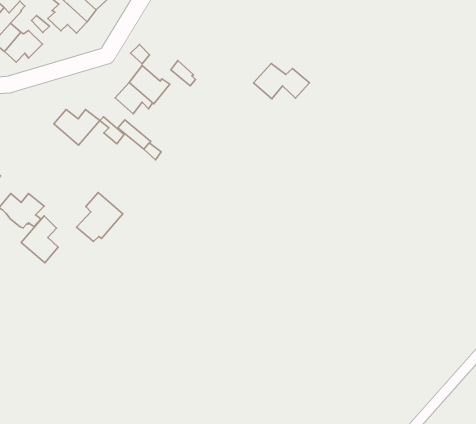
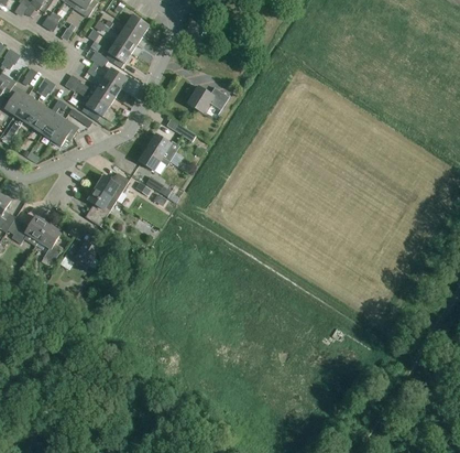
building: [254,64,309,99] -> [186,86,228,112]
building: [77,192,123,242] -> [83,186,116,224]
building: [21,216,58,263] -> none

